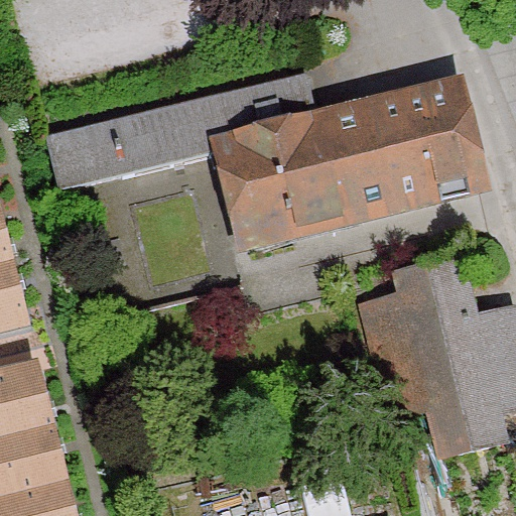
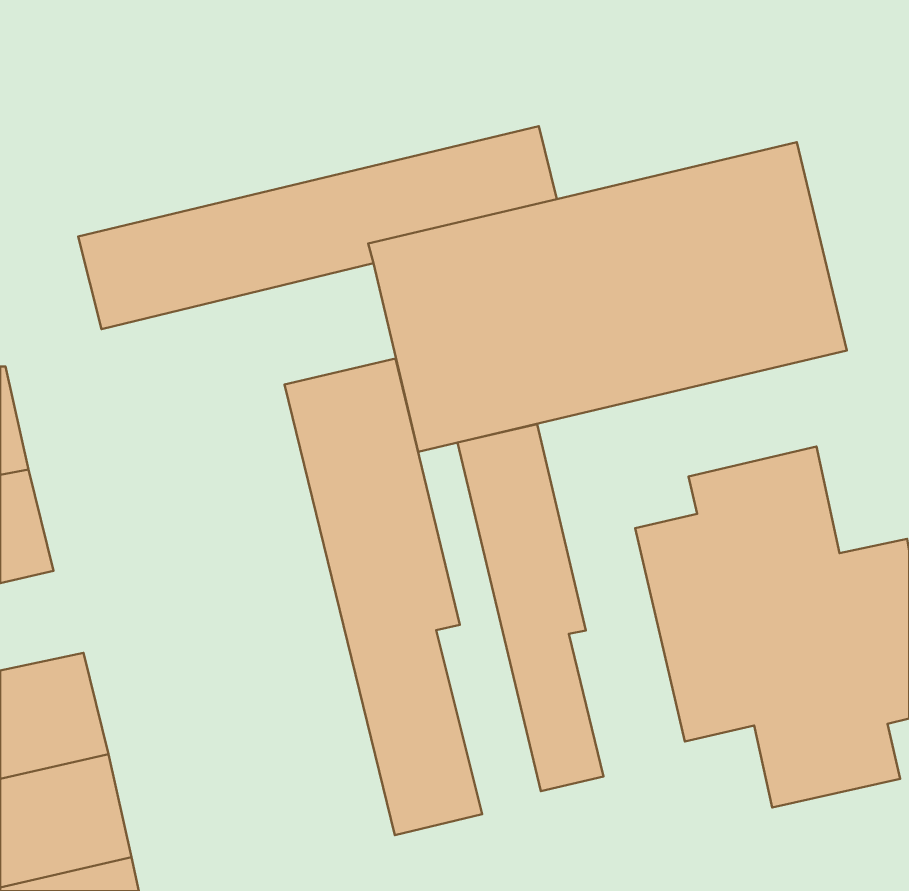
building: none -> [284,359,482,835]
building: none -> [457,424,604,791]

